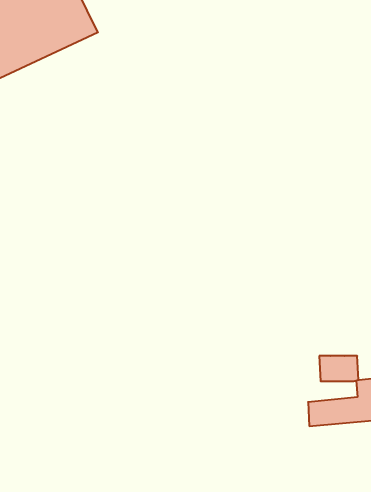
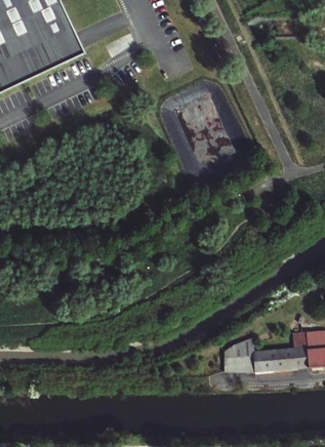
building: [319,356,359,381] -> [224,350,255,370]

